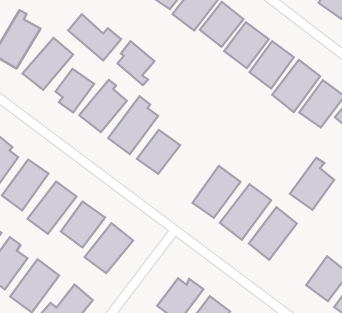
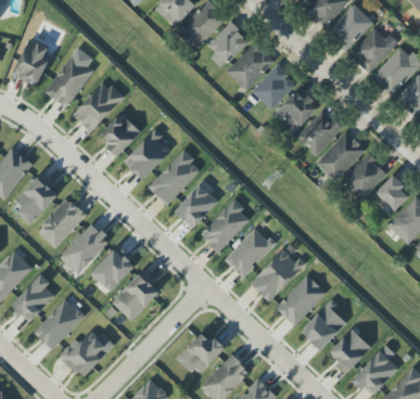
building: [68,14,121,61] -> none
building: [118,41,155,85] -> none
building: none -> [200,198,250,253]
building: [290,158,334,210] -> [301,299,346,350]

